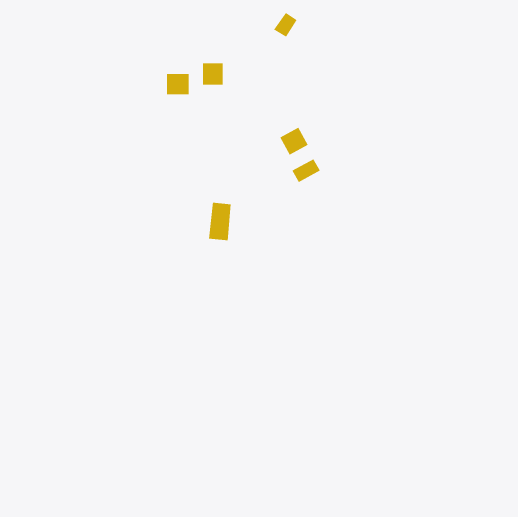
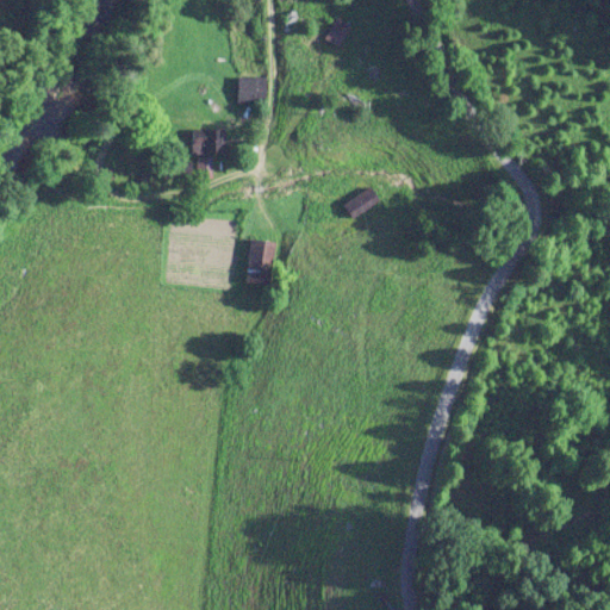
building: [166,74,190,95] -> [194,130,222,155]
building: [279,127,309,155] -> none

